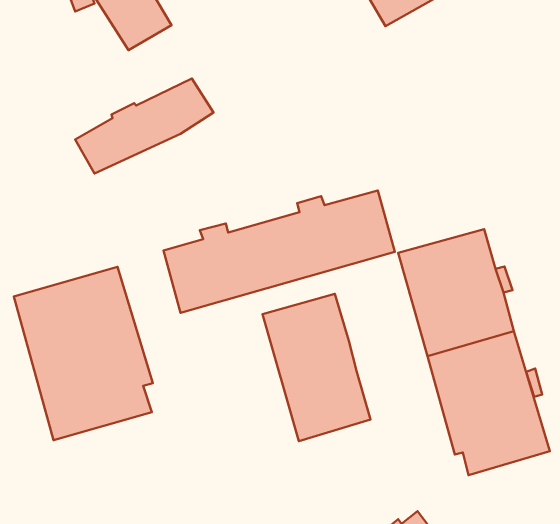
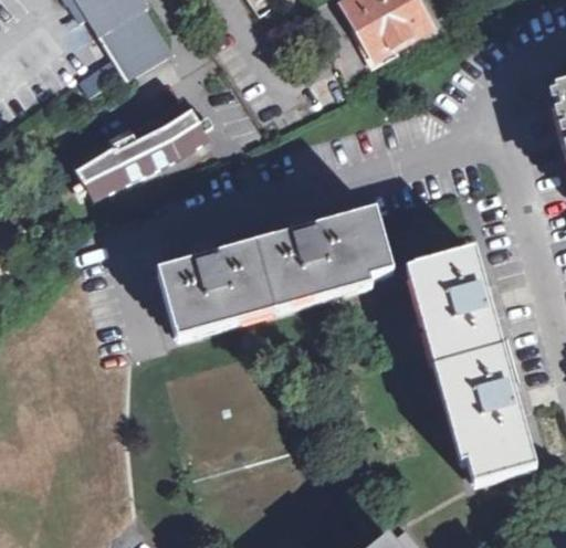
building: [14,267,153,440] -> none
building: [263,294,371,441] -> none

